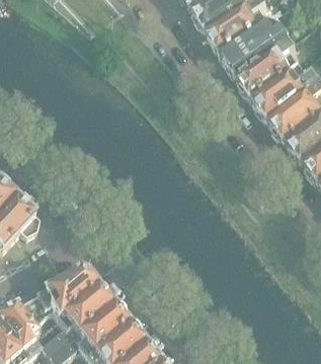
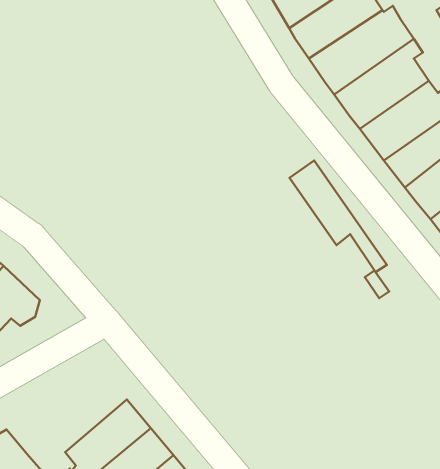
building: none -> [290,161,389,298]
building: [18,268,99,320] -> none

